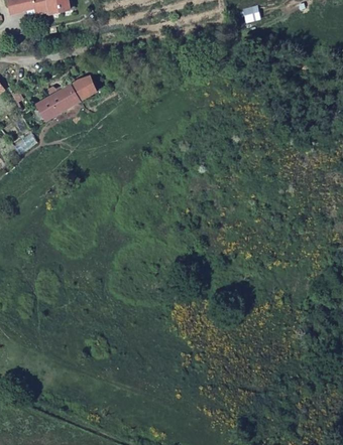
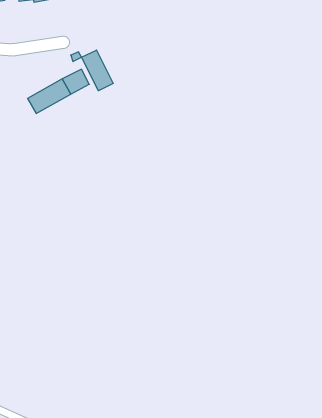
building: none -> [82,50,113,91]

